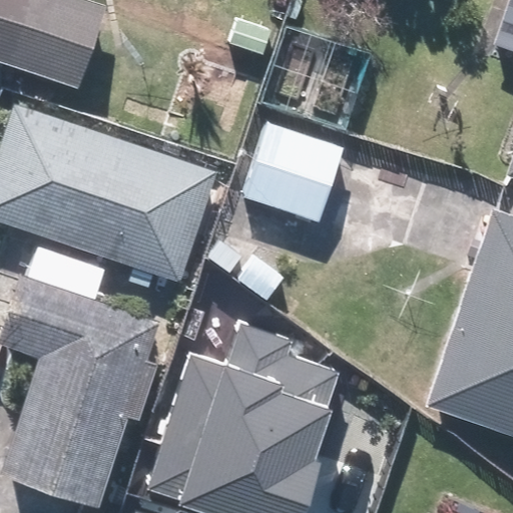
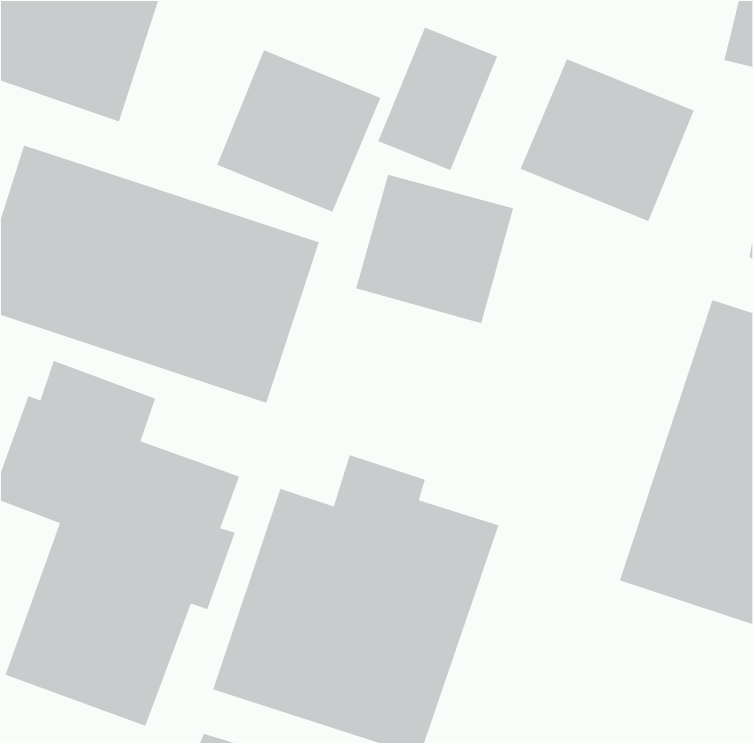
building: none -> [216,49,382,213]
building: none -> [519,58,695,222]

